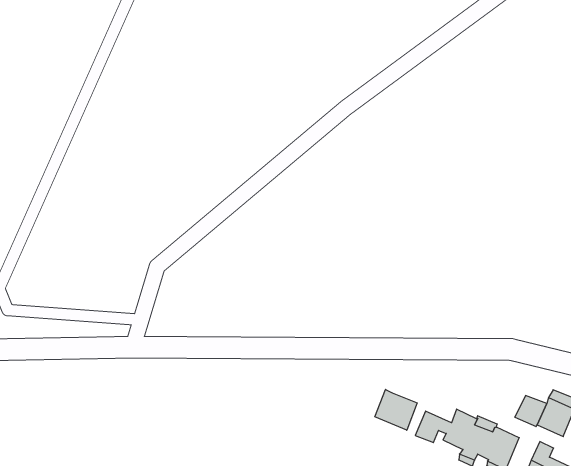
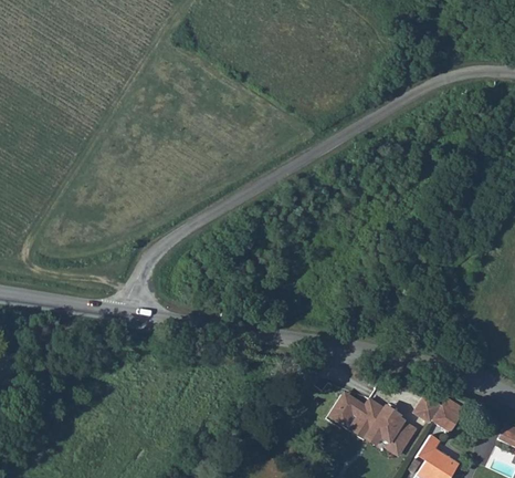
building: [375,389,417,430] -> none

